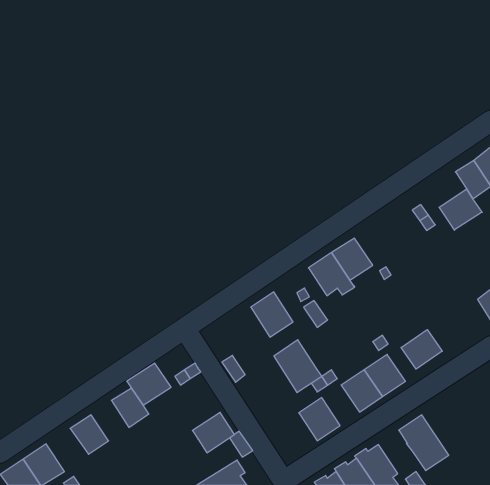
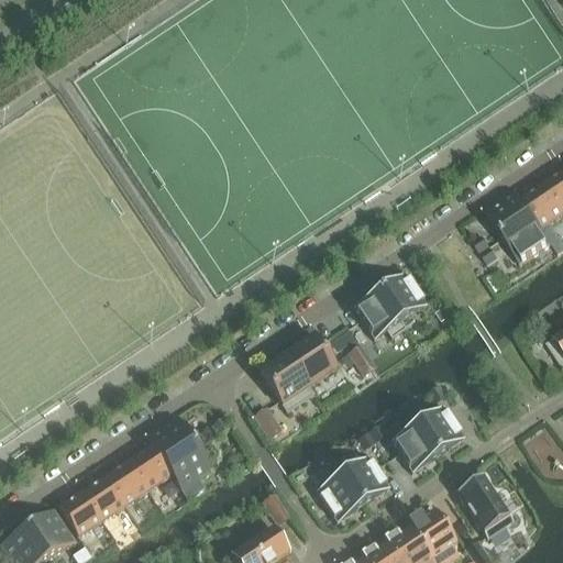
building: none -> [485,189,536,238]
building: [401,330,442,369] -> none
building: [274,340,322,393] -> [261,352,316,412]
building: none -> [106,459,148,505]
building: [192,412,235,453] -> [165,443,213,489]
building: none -> [317,473,364,521]
building: none -> [58,490,102,536]

